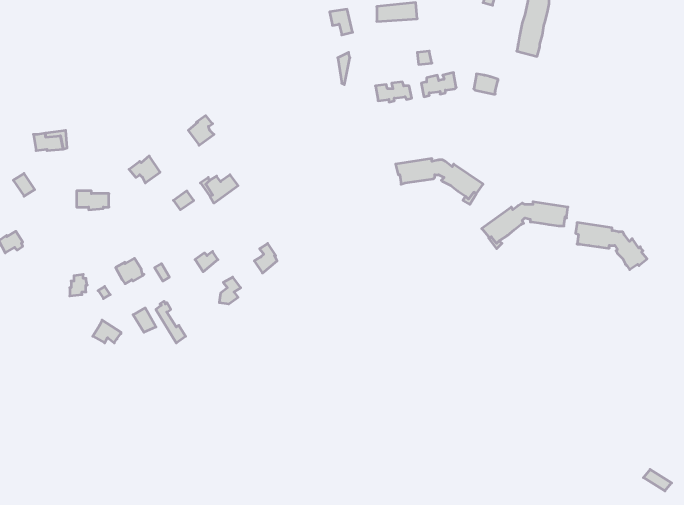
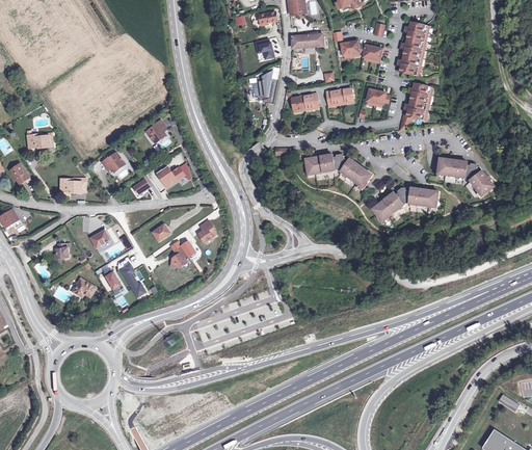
building: none -> [340,41,381,59]
building: none -> [405,82,430,118]
building: [576,223,647,270] -> [440,157,495,193]

